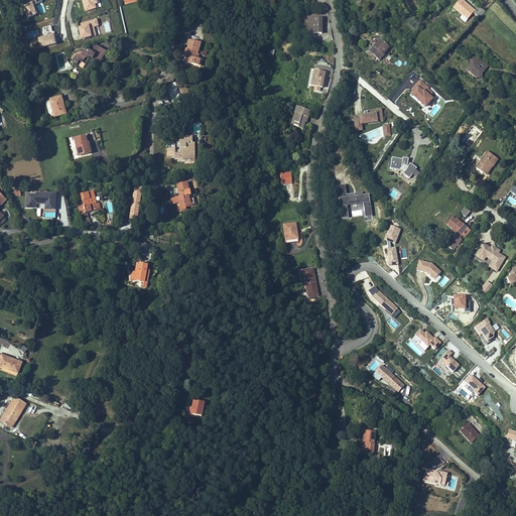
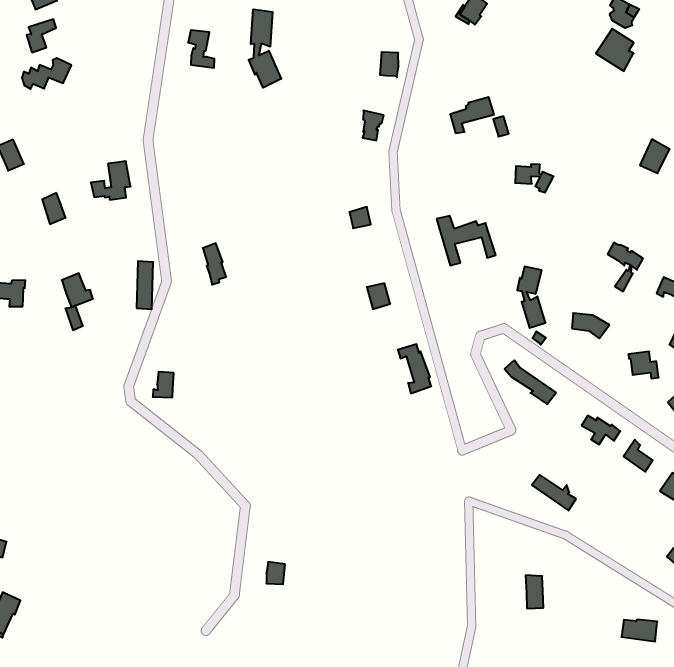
building: none -> [249,9,281,88]
building: [407,81,433,110] -> [596,29,634,71]
building: [166,136,192,160] -> [91,161,131,200]

